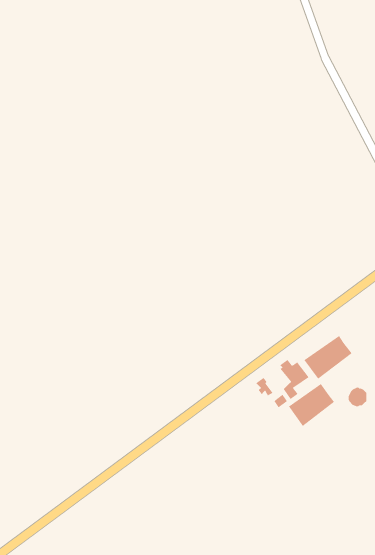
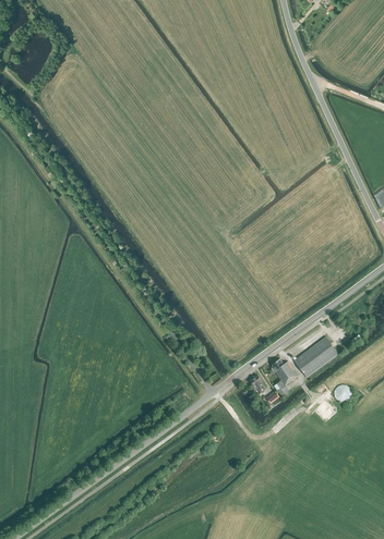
building: [288,383,335,427] -> none

